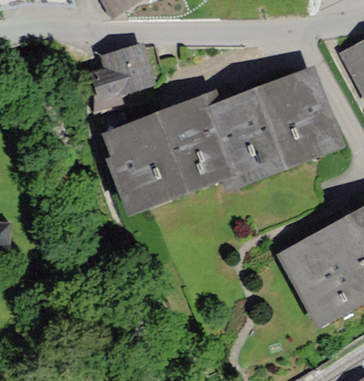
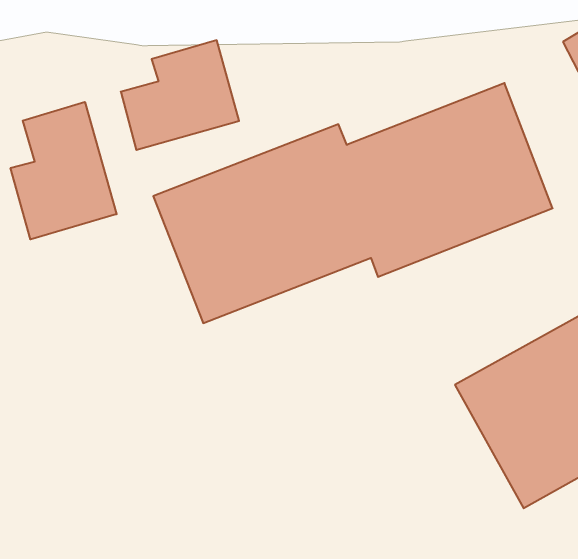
building: none -> [11,102,117,239]

